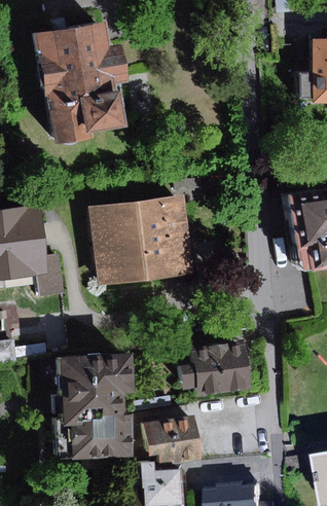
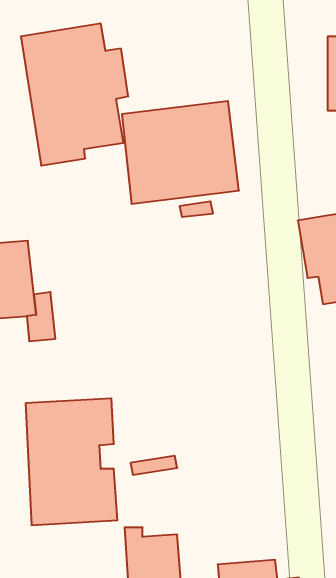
building: [84,195,185,284] -> [122,101,239,204]
building: [170,342,241,394] -> none
building: [137,415,195,463] -> none

